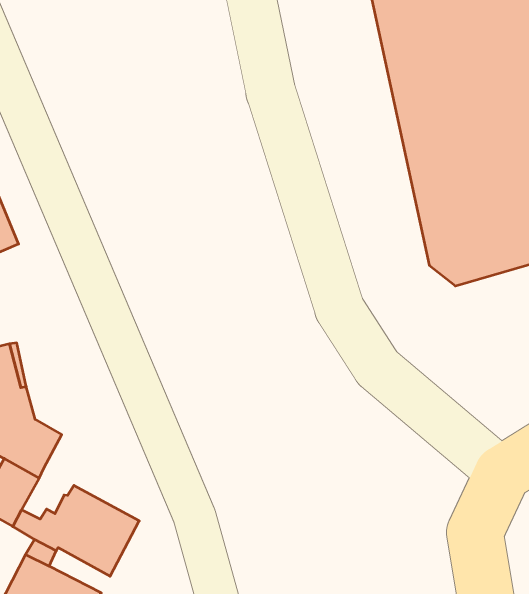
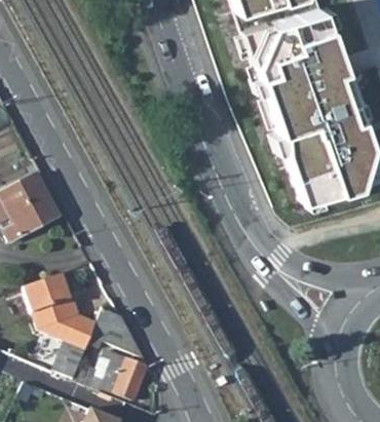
building: none -> [86,309,142,357]

